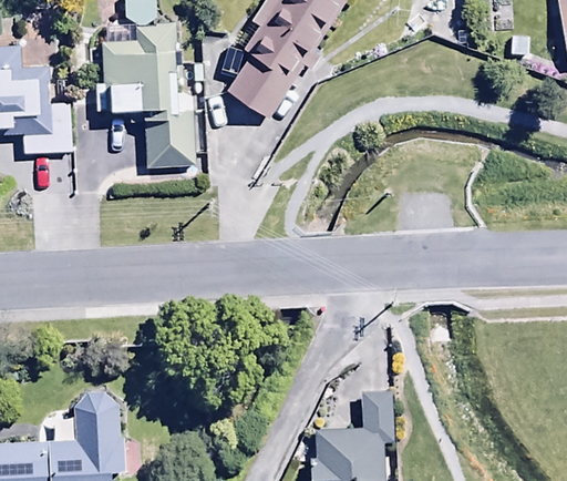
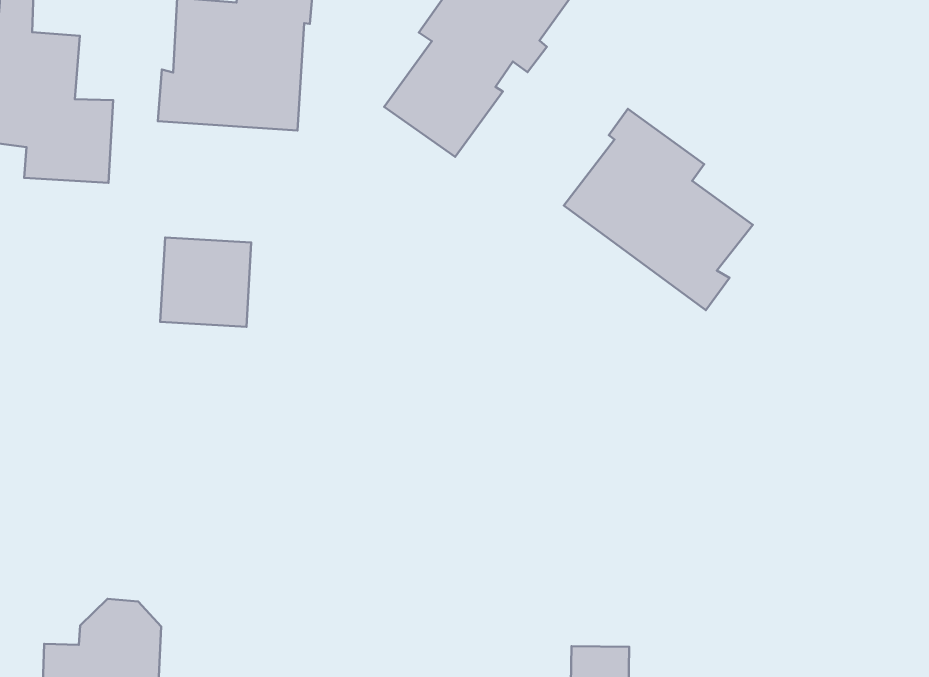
building: none -> [564,109,753,310]
building: [145,119,196,168] -> [160,238,251,327]

